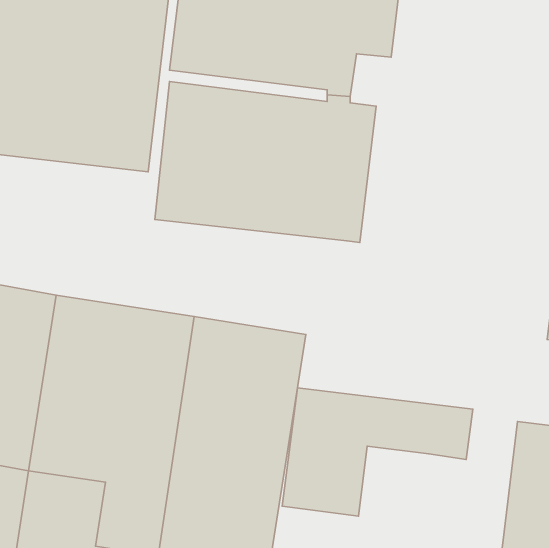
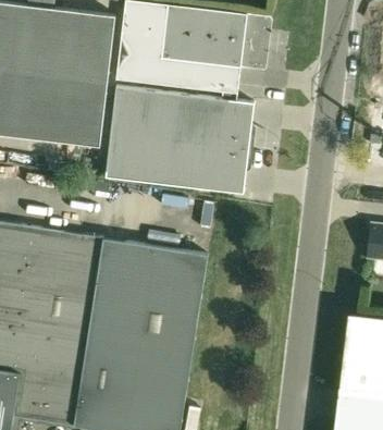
building: [282,388,473,516] -> none

